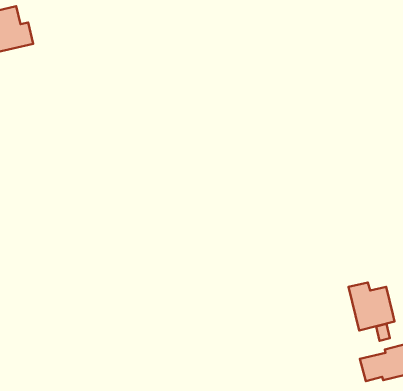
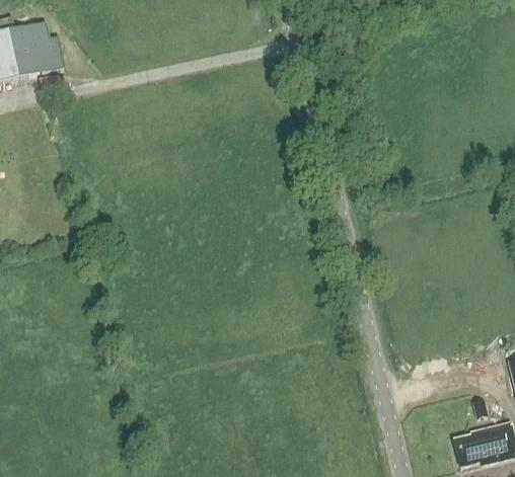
building: [349,282,394,331] -> none

